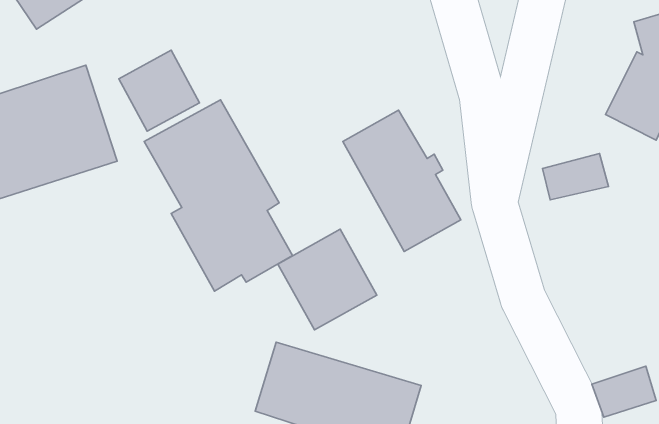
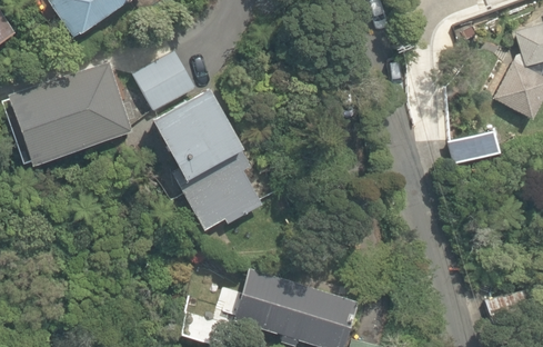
building: [343,110,461,251] -> none
building: [278,229,377,330] -> none

